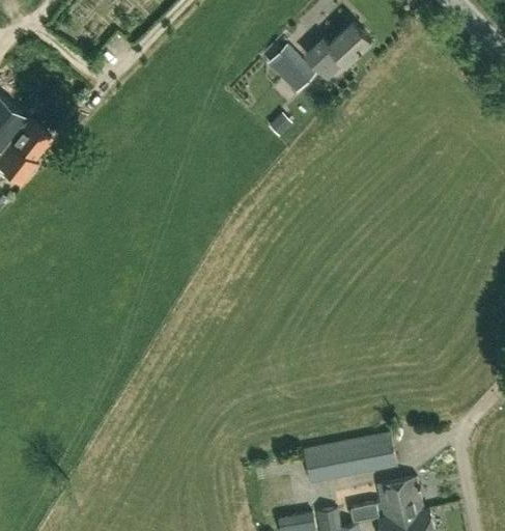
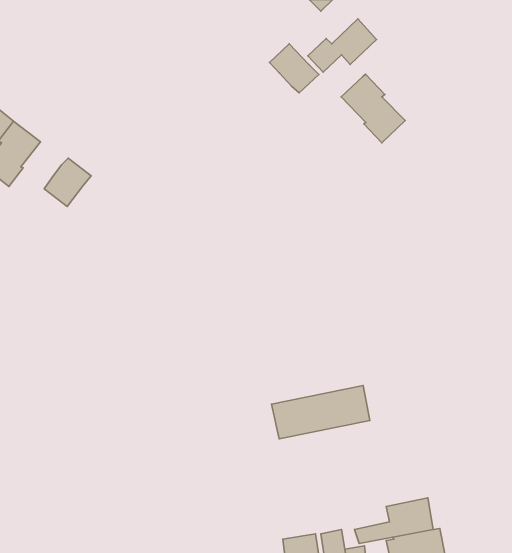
building: none -> [341,74,405,143]
building: none -> [44,158,91,206]
building: [303,432,396,483] -> [272,386,370,439]

